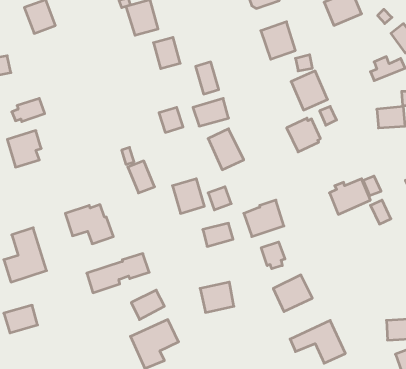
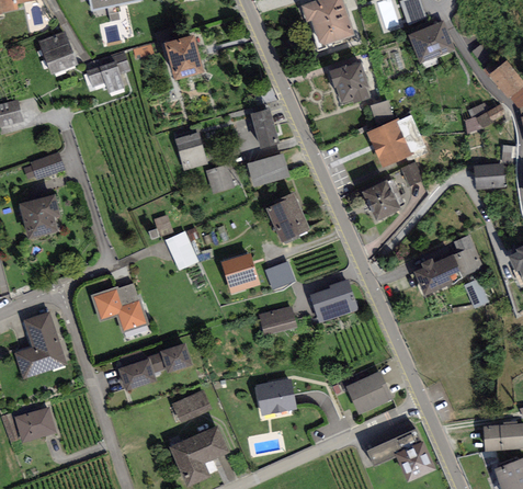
building: none -> [86,53,130,96]
building: [153,37,180,69] -> [173,133,206,171]
building: [261,242,285,269] -> none

